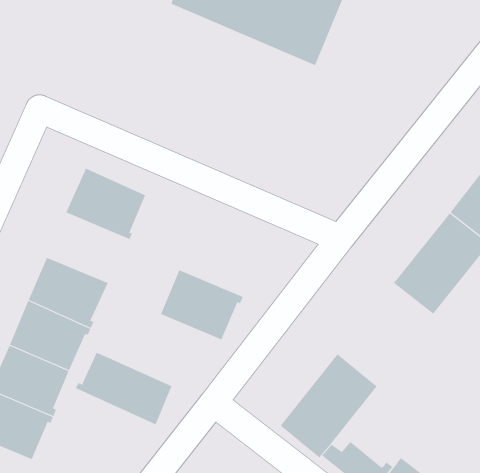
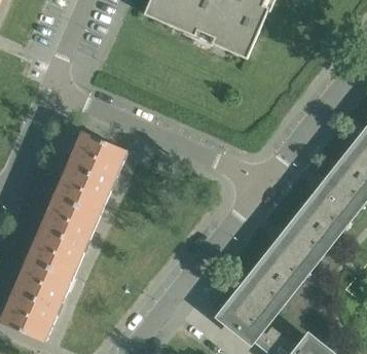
building: [160,270,243,340] -> [56,164,115,214]
building: none -> [263,214,332,288]
building: [75,352,172,425] -> none

